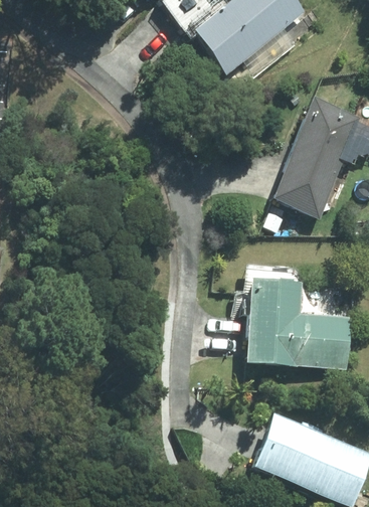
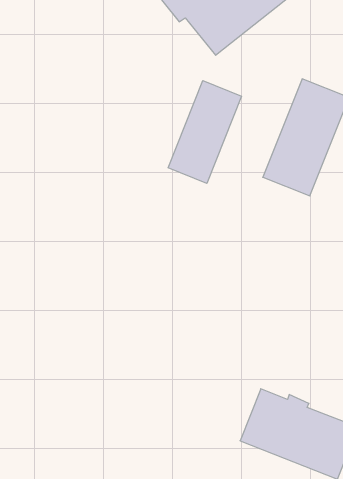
building: none -> [168,81,242,183]
building: [246,279,352,369] -> none

